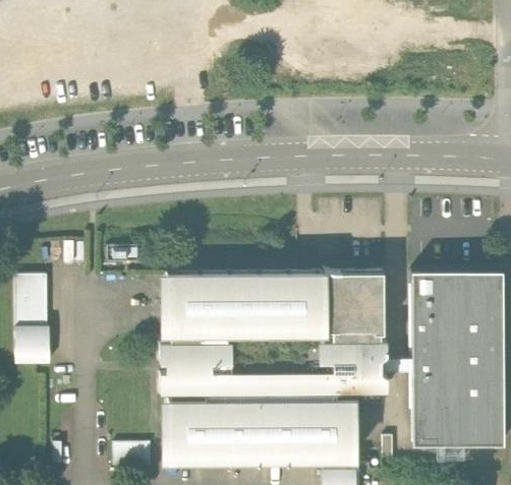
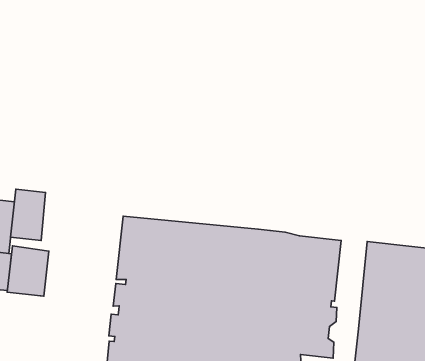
building: none -> [10,189,46,241]
building: none -> [7,246,49,296]

